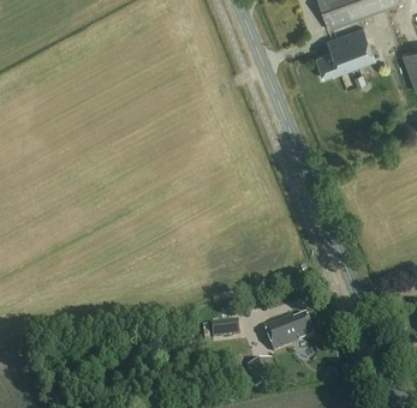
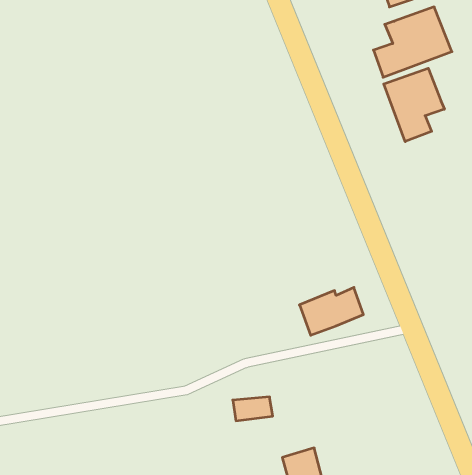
building: none -> [384,68,444,142]
building: [266,314,314,350] -> [299,287,363,335]

